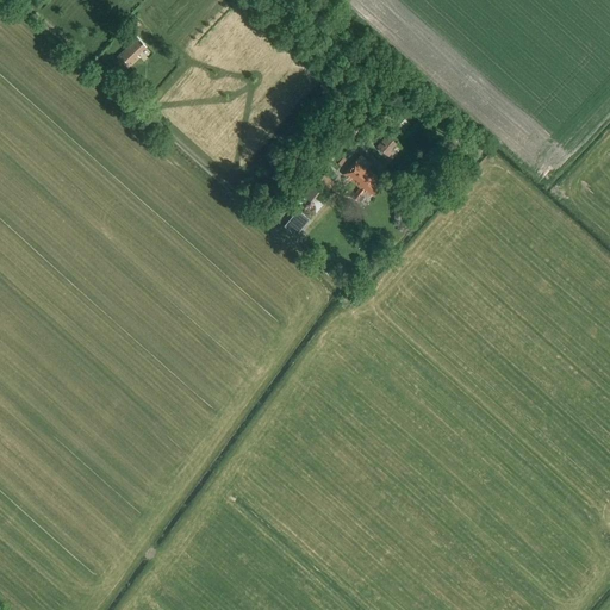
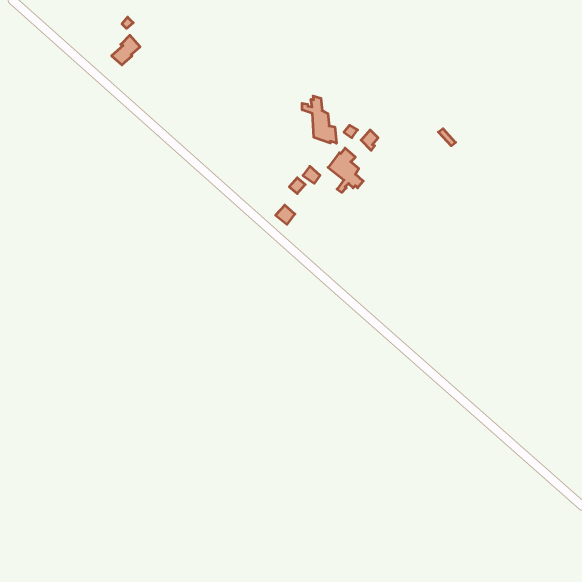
building: none -> [302,96,336,143]

